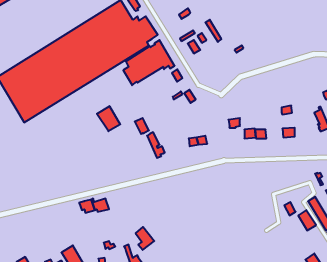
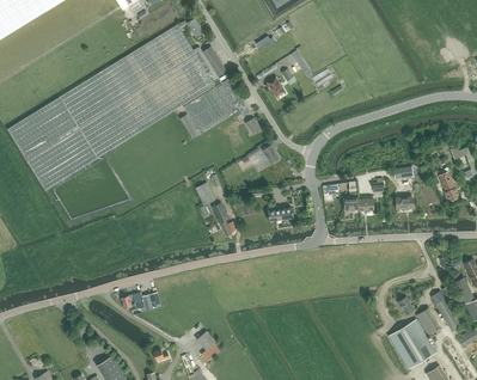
building: [97,106,120,131] -> none
building: none -> [389,319,438,369]

